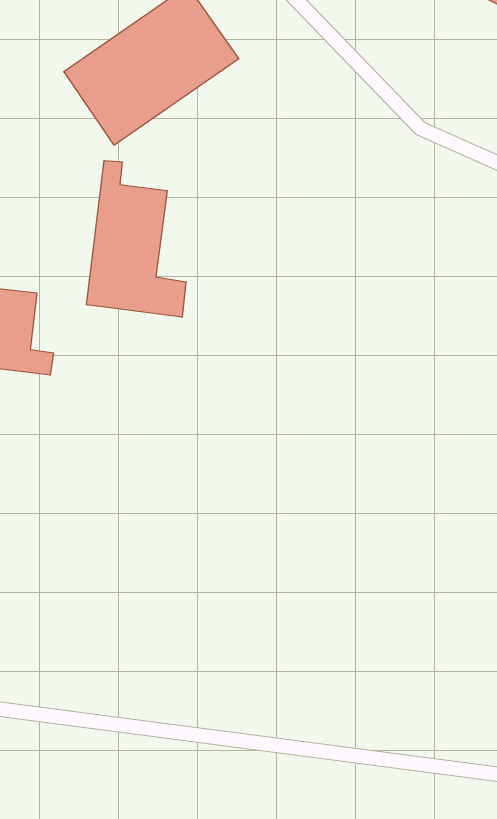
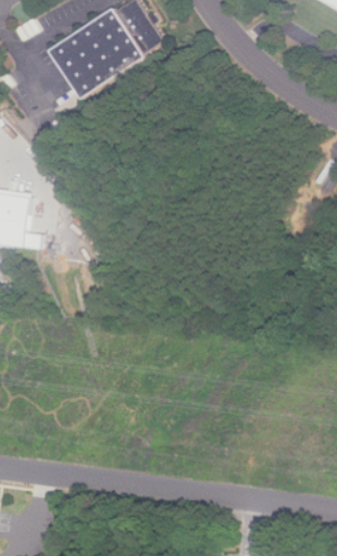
building: [86,160,186,317] -> none

